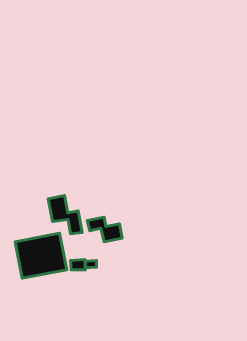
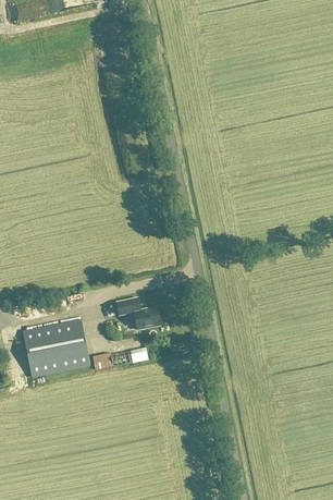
building: [48,196,82,234] -> none

